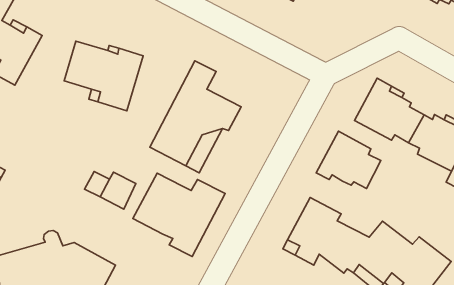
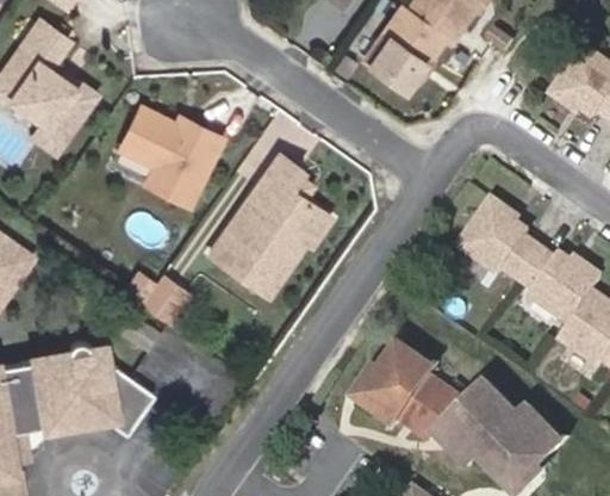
building: [316,131,381,188] -> none
building: [133,173,225,256] -> none

